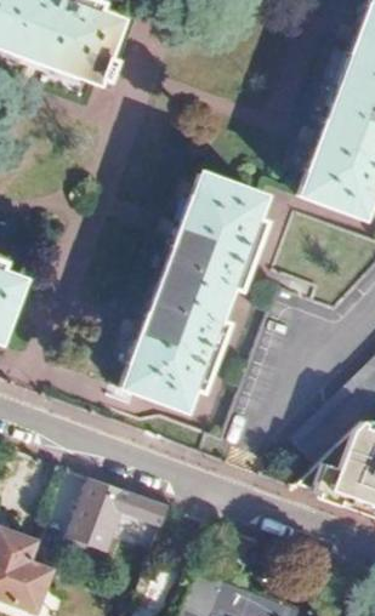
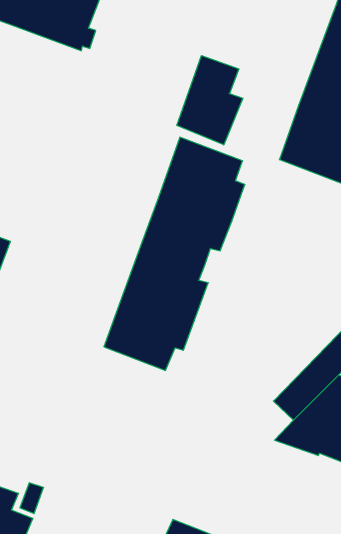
building: none -> [177,56,243,145]
building: [68,475,170,558] -> none

